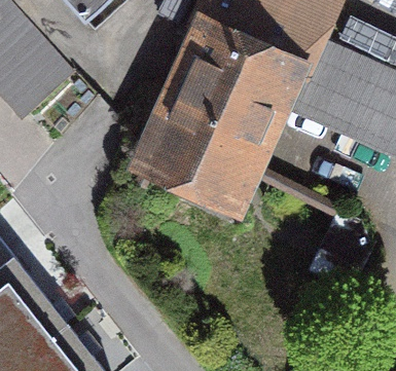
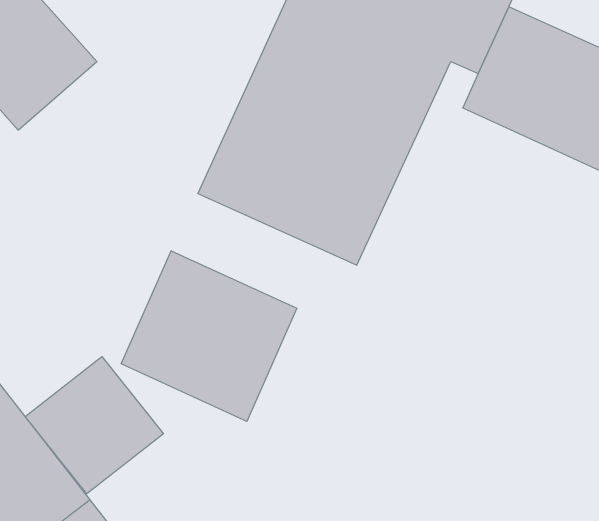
building: none -> [121,251,297,421]
building: none -> [25,357,163,494]

